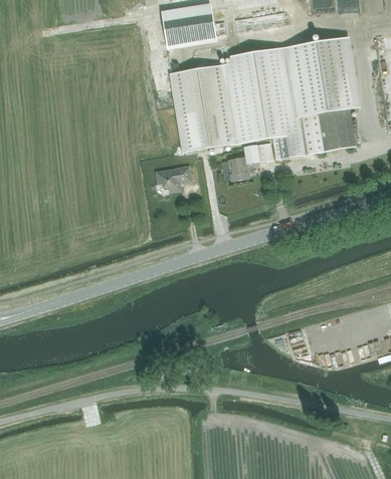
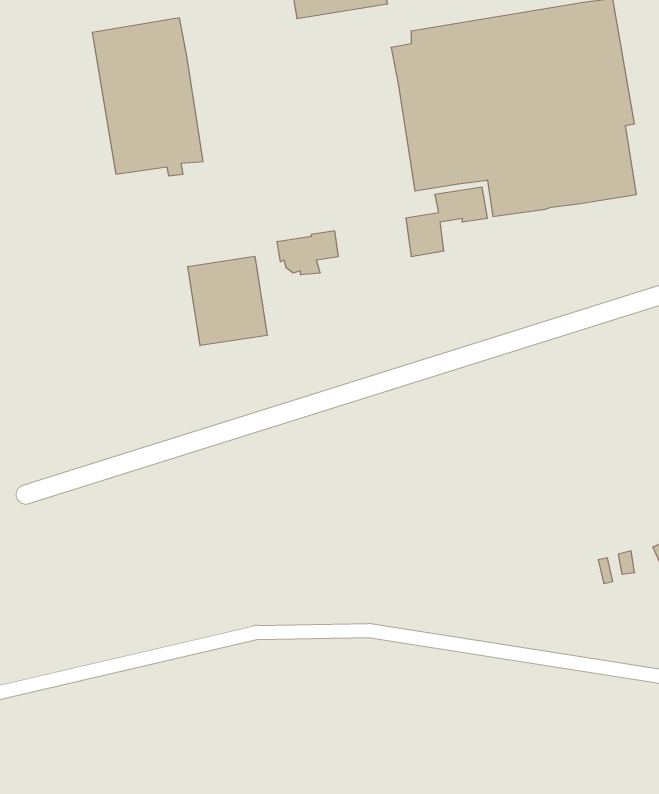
building: [172,64,233,152] -> [92,18,203,176]
building: none -> [188,256,267,346]

